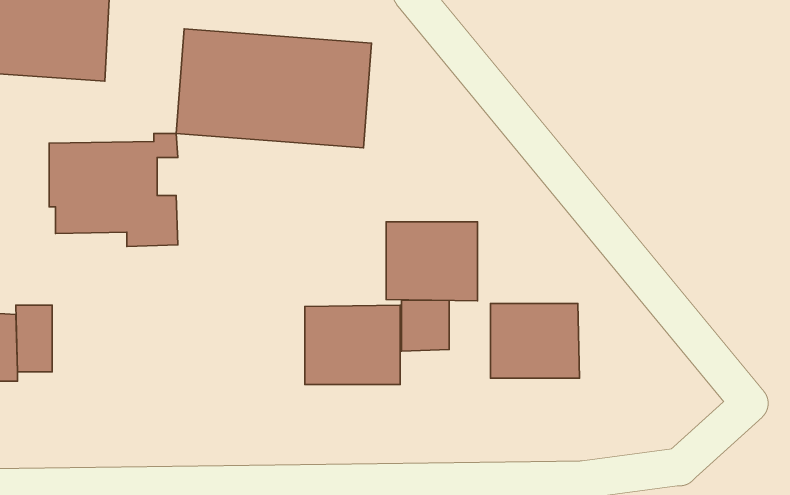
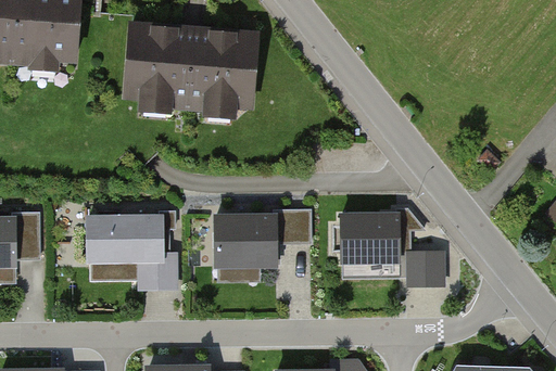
building: [49,134,178,246] -> [88,212,176,289]
building: [386,222,478,301] -> none
building: none -> [405,251,445,286]

